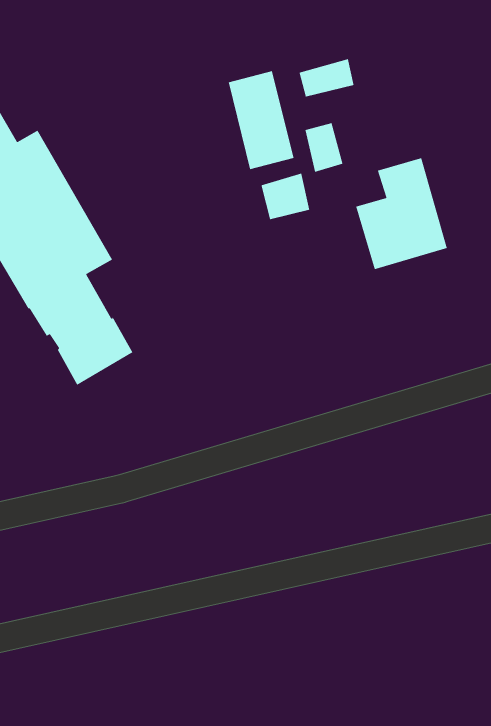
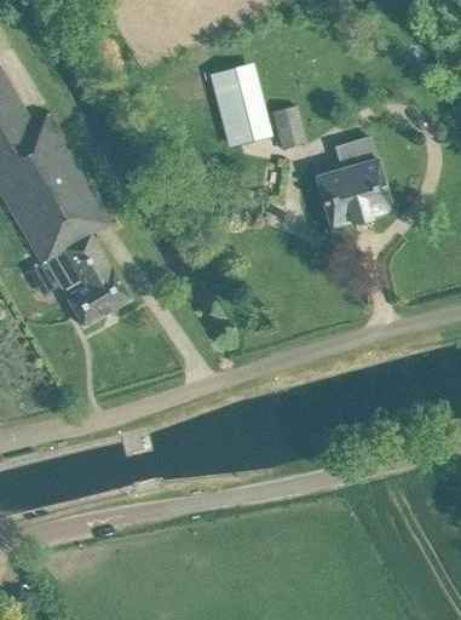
building: [299,58,355,98] -> none
building: [261,172,310,220] -> none

